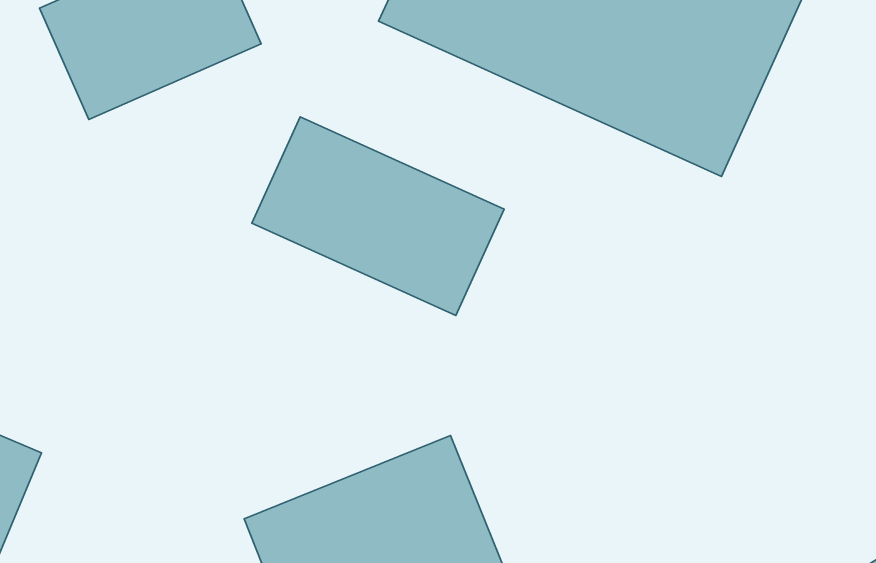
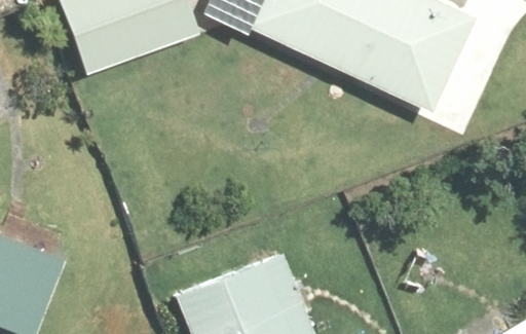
building: [252,117,504,316] -> none

